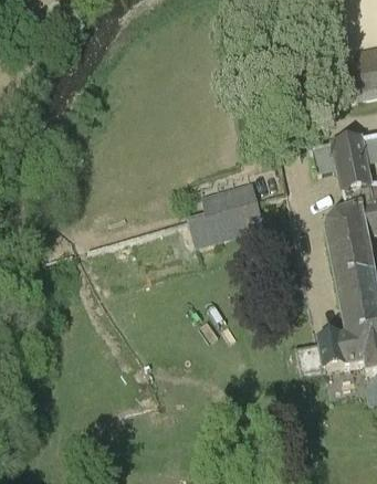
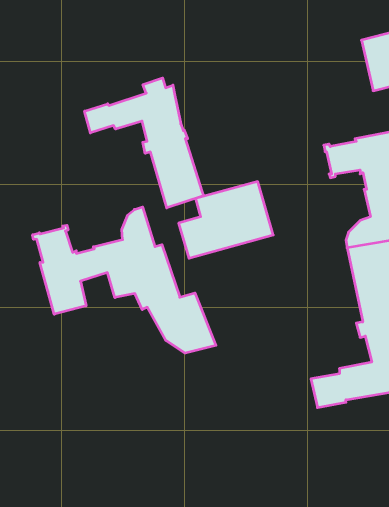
building: none -> [85,78,203,208]
building: none -> [33,207,216,353]

